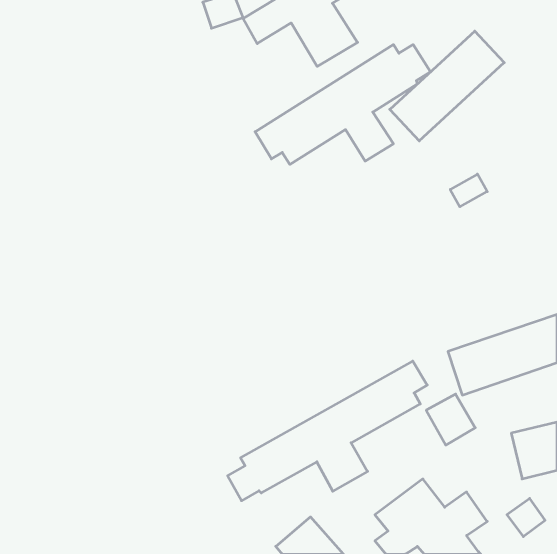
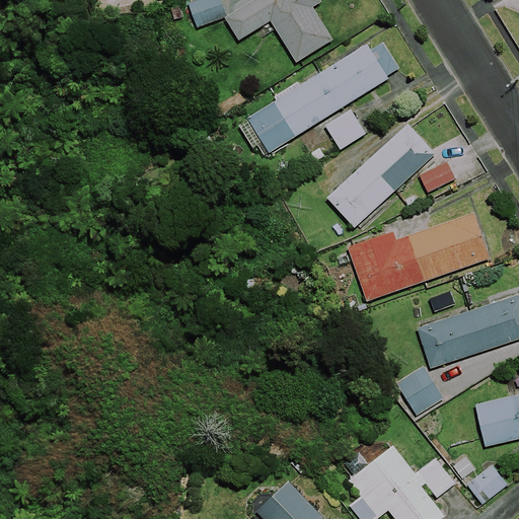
building: [390,31,504,141] -> [327,125,434,227]
building: none -> [349,213,489,300]
building: [228,361,427,501] -> none

